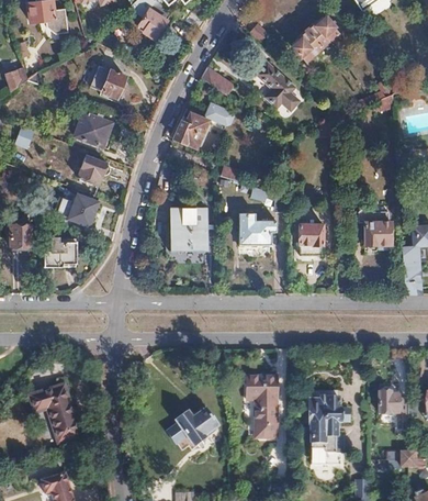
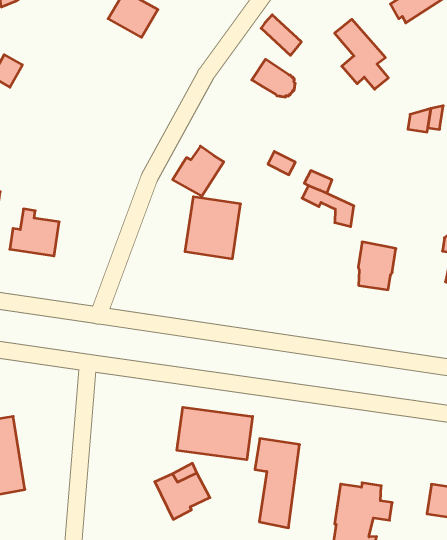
building: [173,111,209,147] -> [173,146,224,196]
building: [75,112,112,146] -> none
building: [78,156,111,183] -> none
building: [68,193,97,224] -> none
building: [239,212,277,245] -> none
building: none -> [177,407,253,460]

